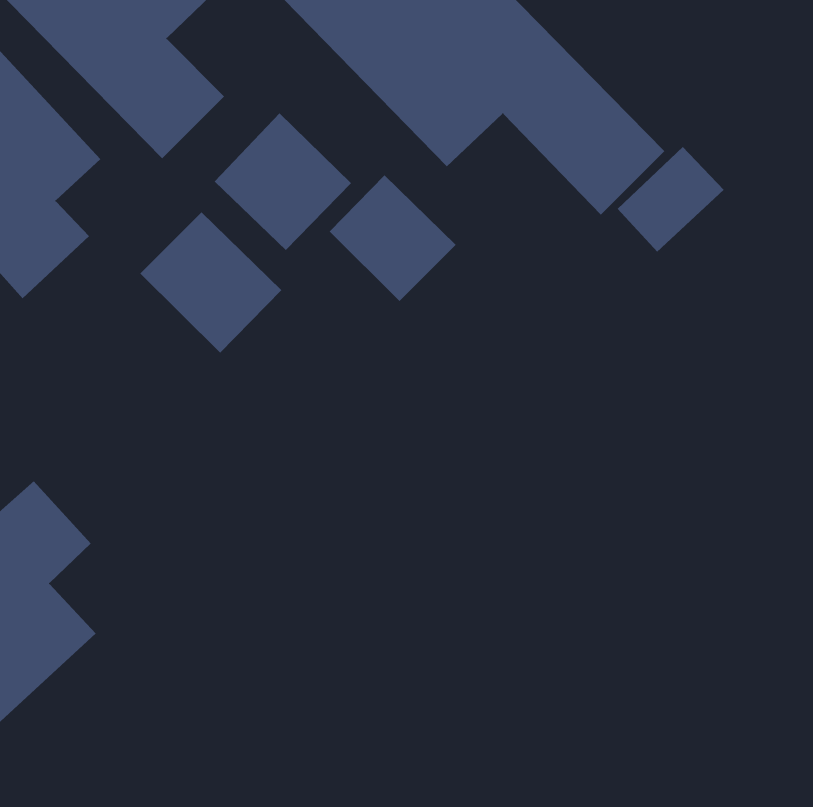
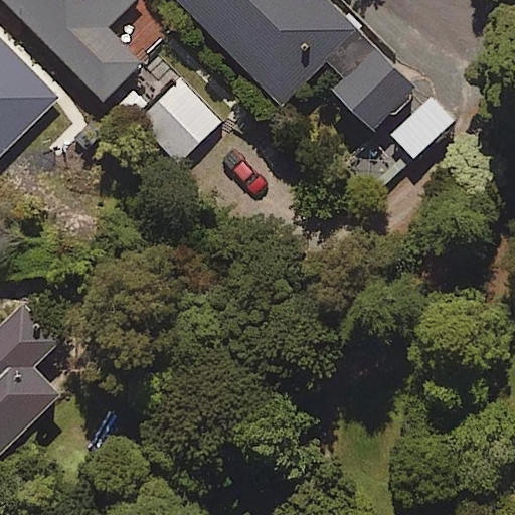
building: [329,174,457,302] -> none
building: [139,211,282,354] -> none

